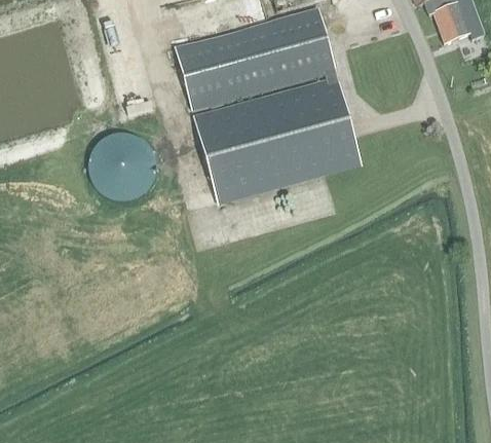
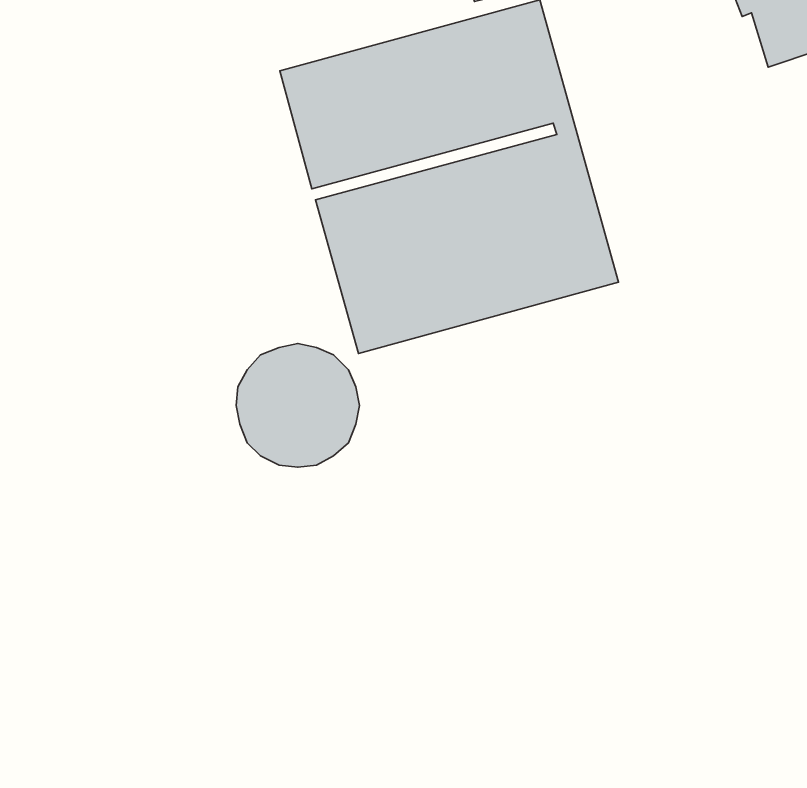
building: [88,133,156,200] -> [236,344,360,467]

